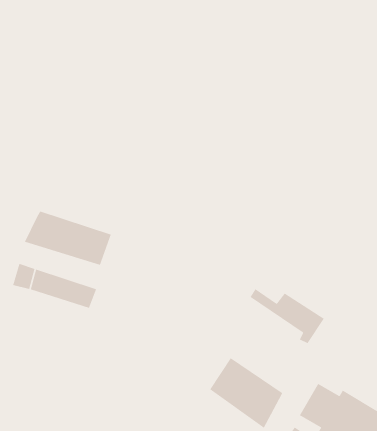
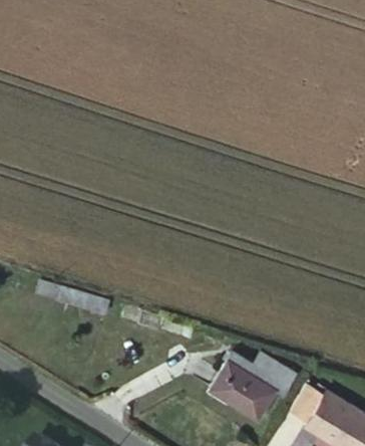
building: [24,211,112,266] -> none
building: [250,288,325,344] -> [229,352,296,402]

